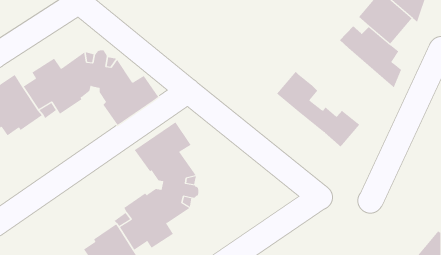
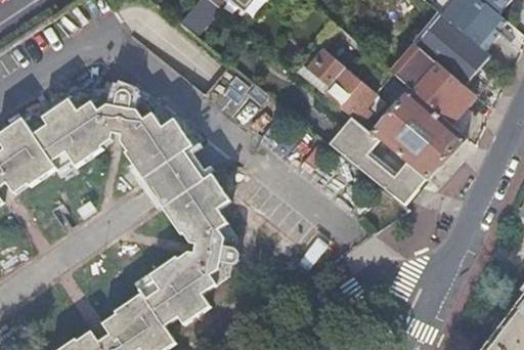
building: none -> [300,49,383,119]
building: none -> [370,88,466,178]
building: none -> [141,150,203,208]

